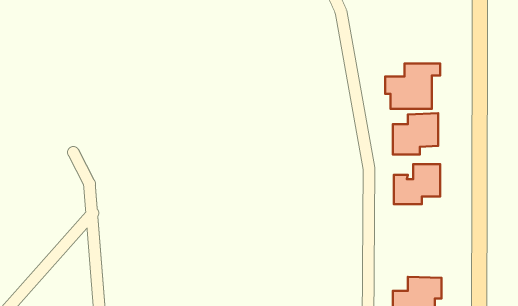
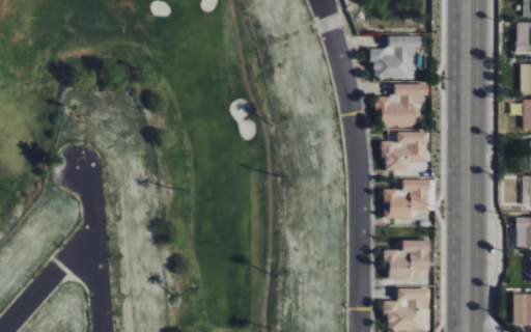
building: none -> [373,35,422,79]
building: none -> [385,240,430,279]

